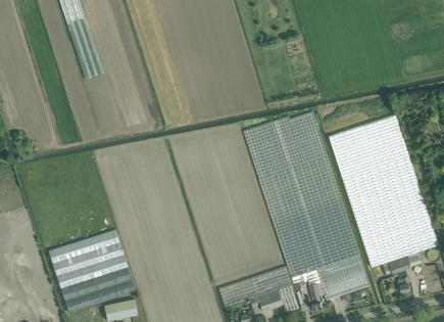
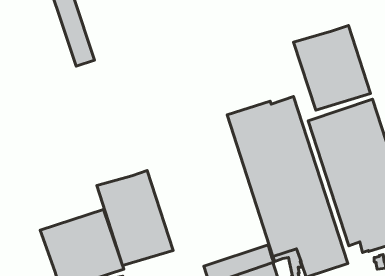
building: none -> [293,26,371,110]
building: none -> [97,171,173,265]

